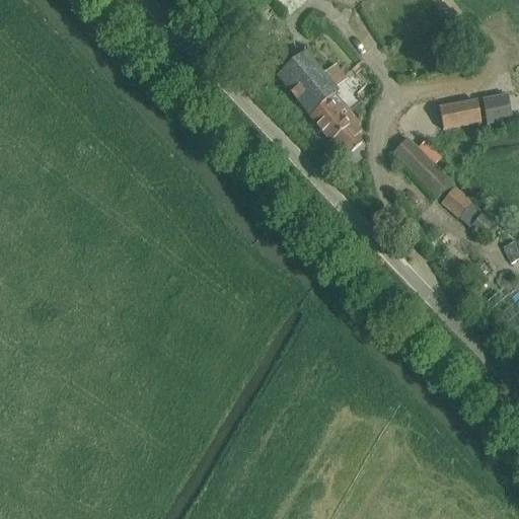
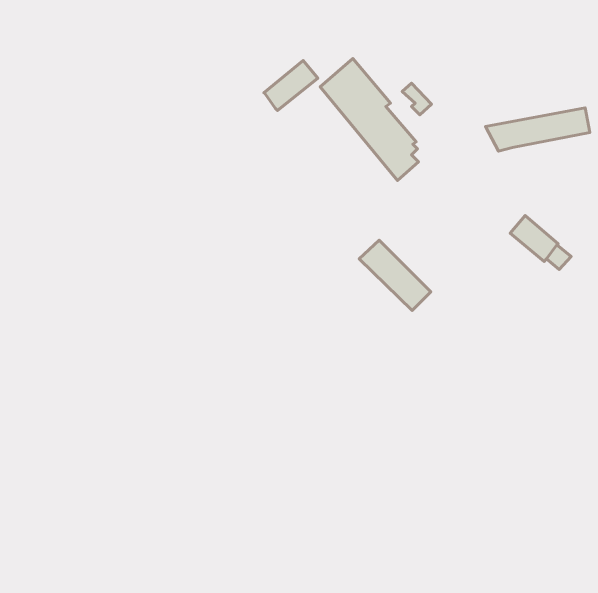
building: none -> [264,60,318,111]
building: [390,136,452,197] -> [359,240,431,310]

